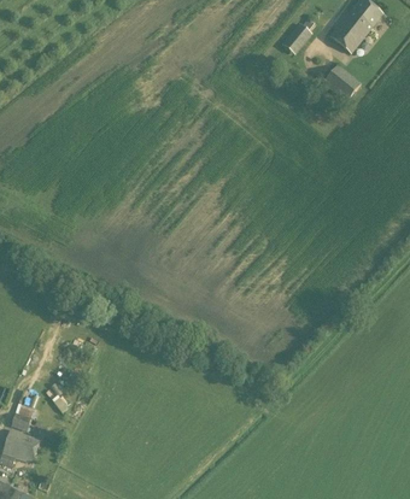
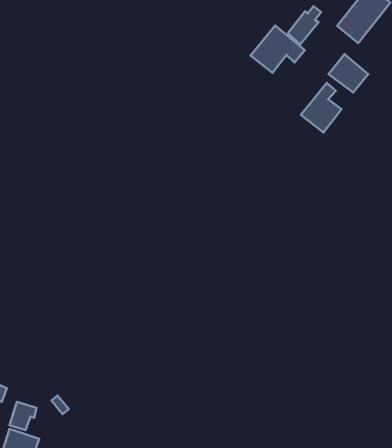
building: none -> [250,26,305,73]
building: none -> [301,83,342,133]

